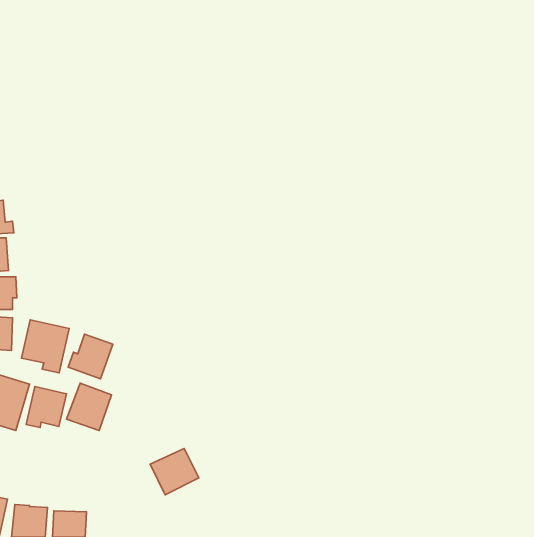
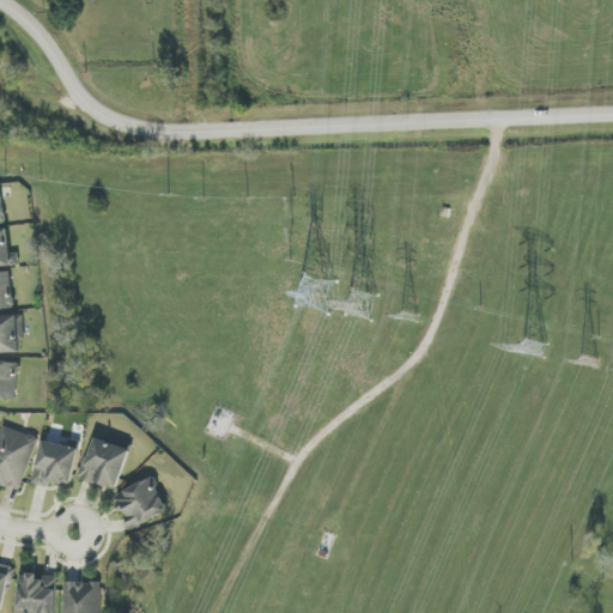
building: [21,320,69,373] -> none
building: [68,334,113,379] -> none
building: [150,448,199,495] -> [110,477,165,529]

